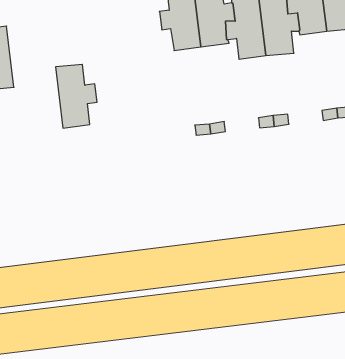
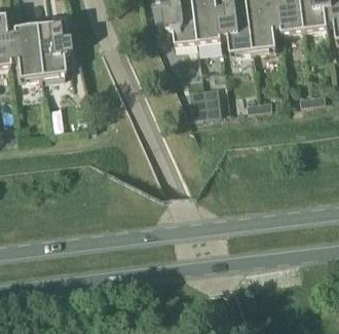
building: [56,64,97,128] -> [35,22,70,75]

